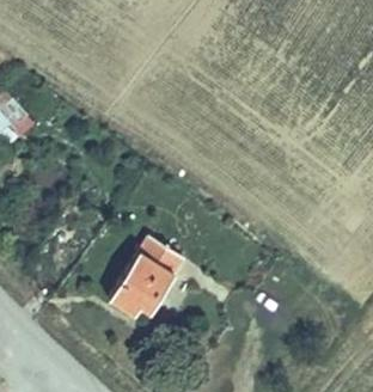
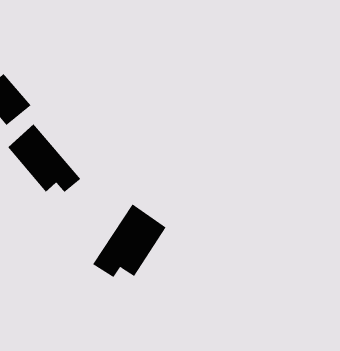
building: none -> [8,123,81,193]

